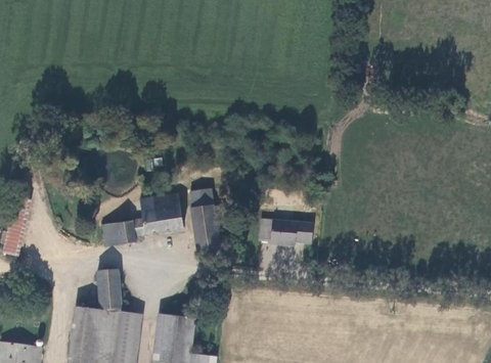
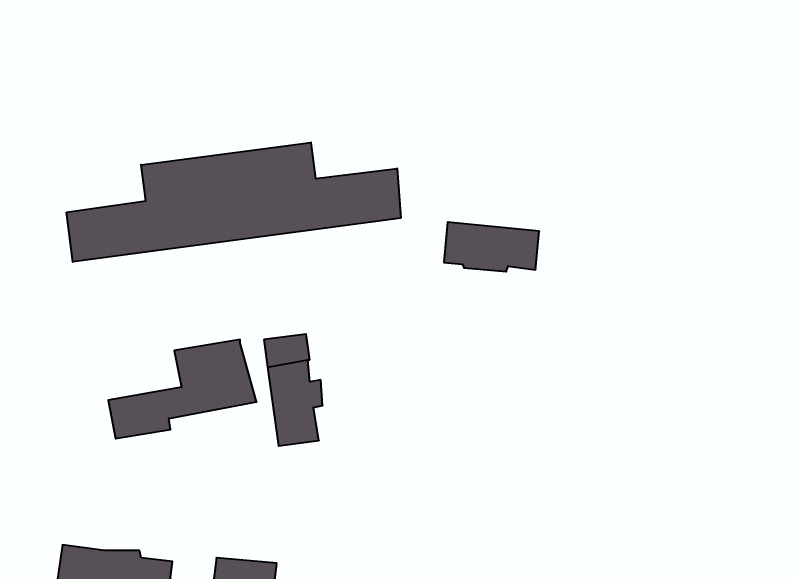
building: none -> [67,142,401,262]
building: [259,219,312,246] -> [444,222,539,272]
building: [97,271,120,310] -> none

